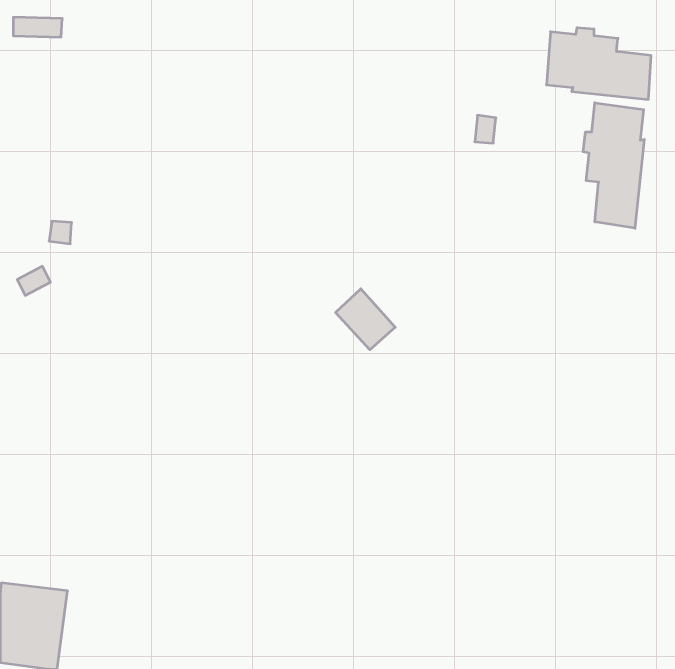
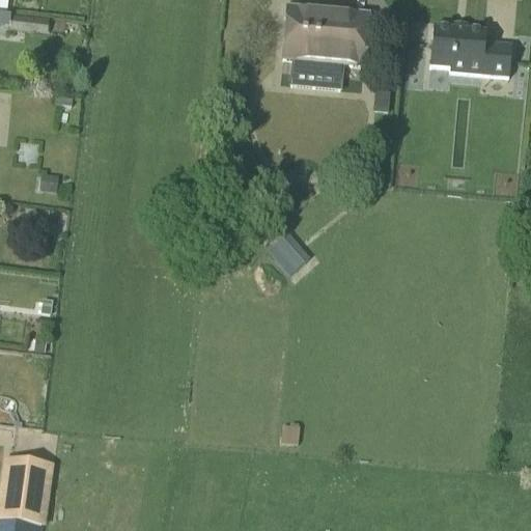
building: none -> [281,6,369,78]
building: [583,103,644,228] -> none

